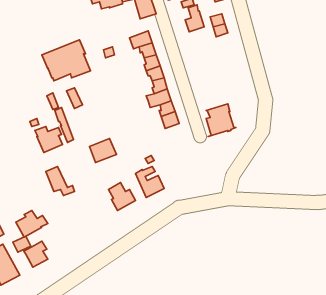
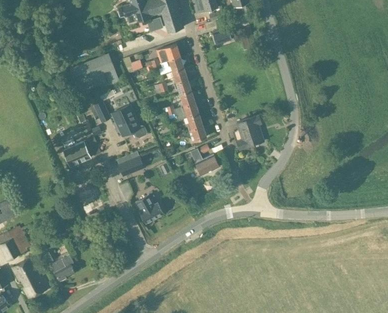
building: none -> [111,105,146,138]
building: [135,166,164,197] -> [189,145,218,176]
building: [16,210,48,237] -> none

